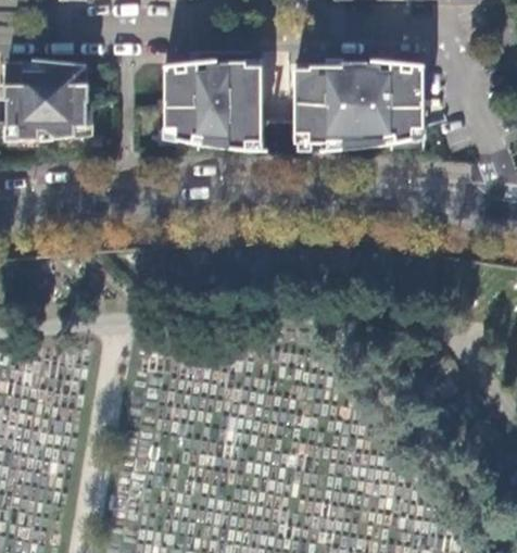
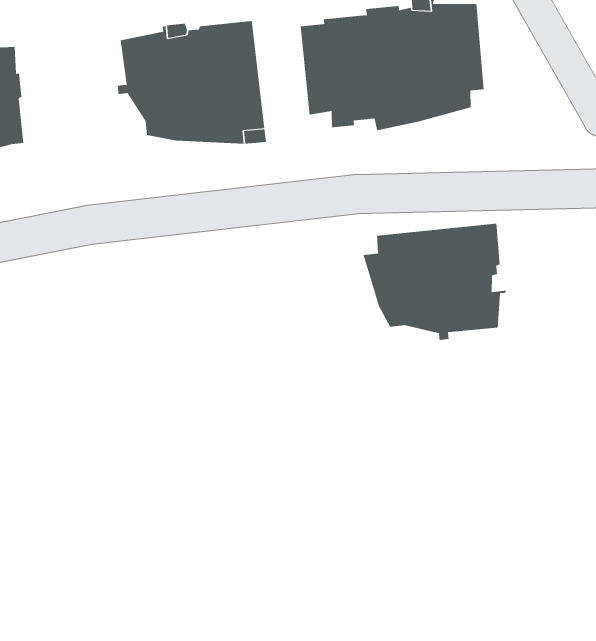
building: none -> [363,223,507,341]

